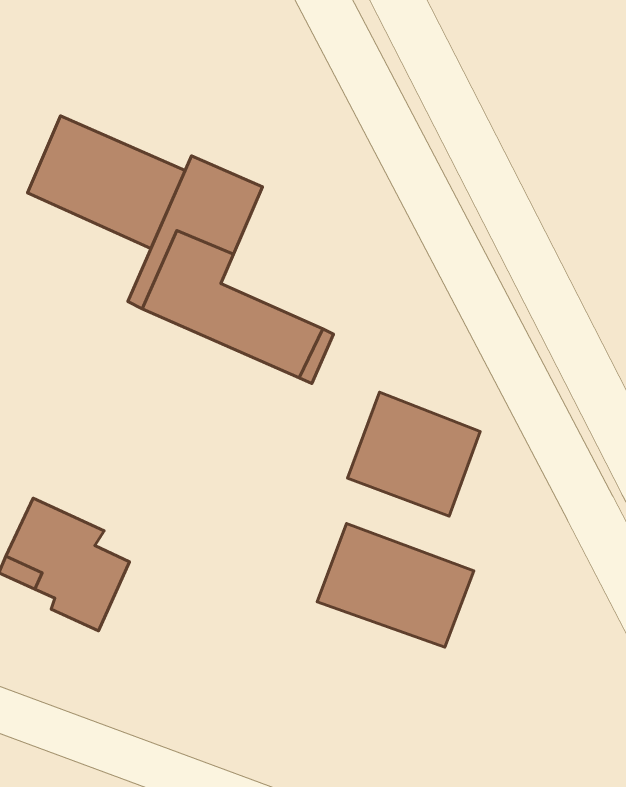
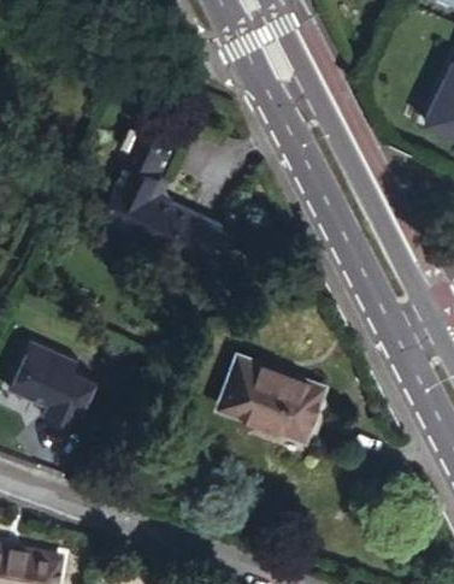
building: [28,116,185,249] -> none
building: [347,392,480,516] -> none

